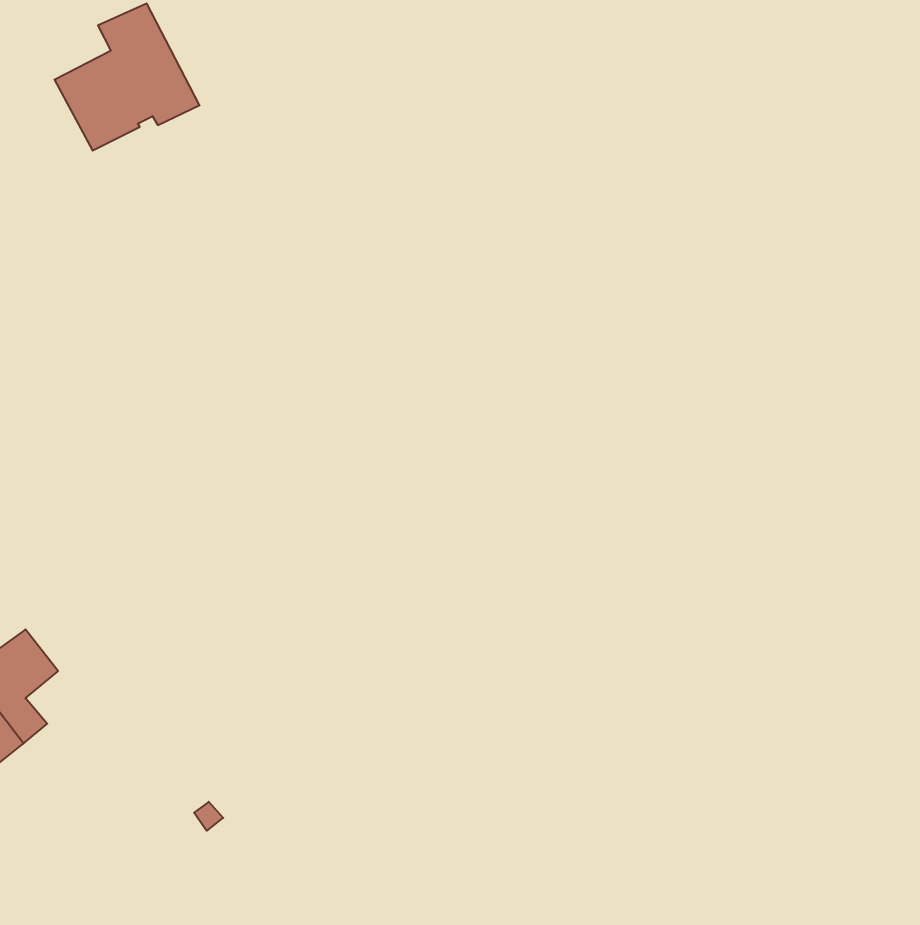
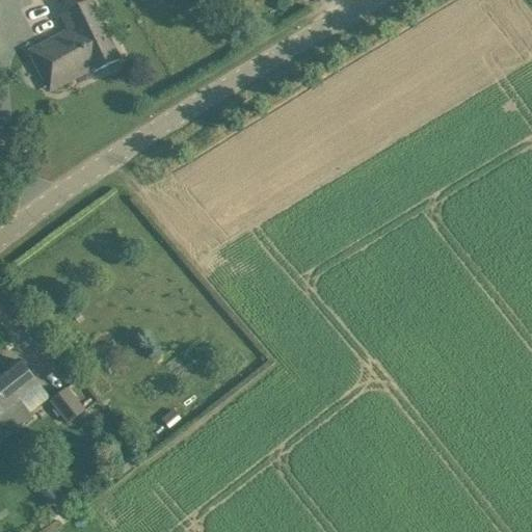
building: none -> [47,389,82,425]

